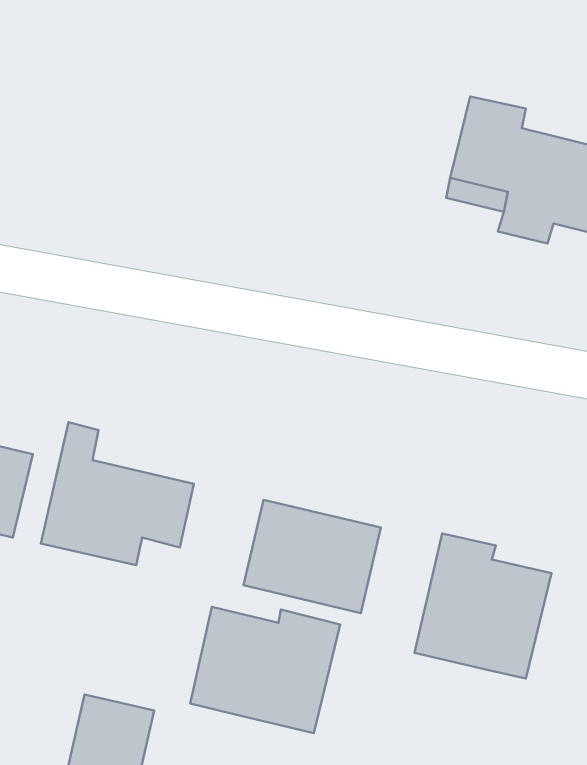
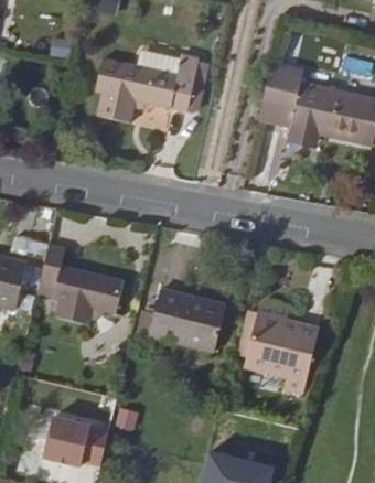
building: none -> [96,54,200,121]
building: [190,607,340,733] -> none

